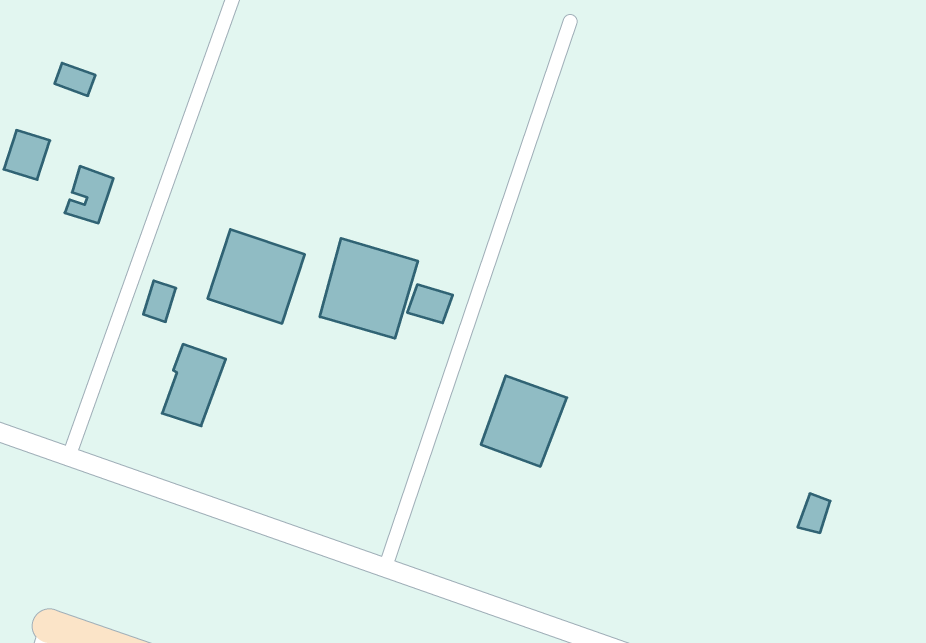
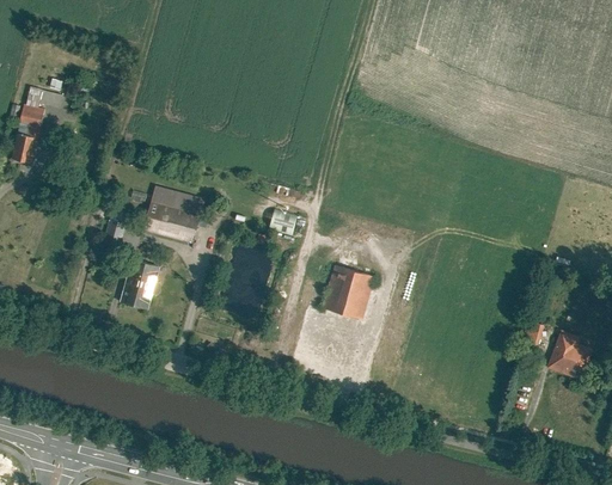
building: [65,166,113,223] -> [17,105,45,140]
building: [320,238,418,338] -> none
building: none -> [547,329,594,380]

